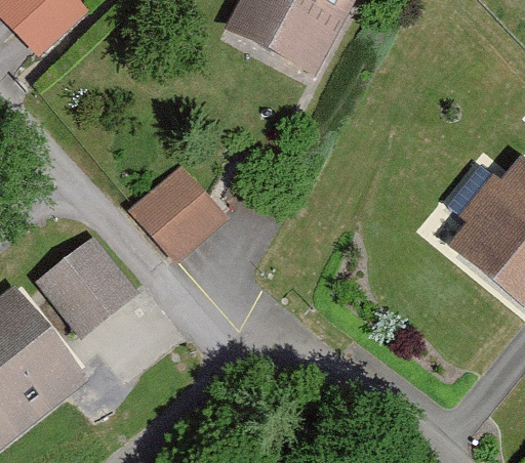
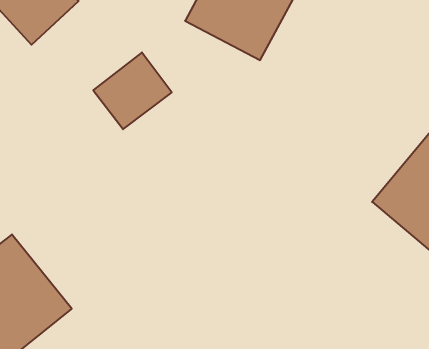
building: [124,175,218,267] -> [93,52,172,129]
building: [37,235,139,337] -> none

